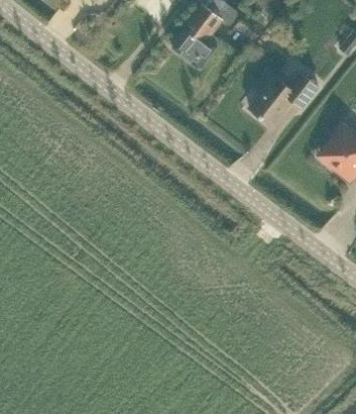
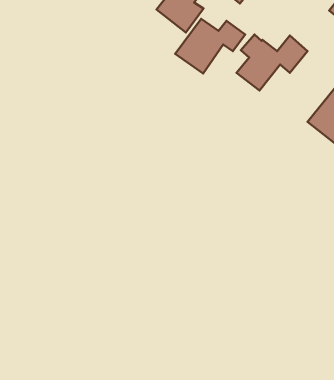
building: none -> [175,19,245,73]

